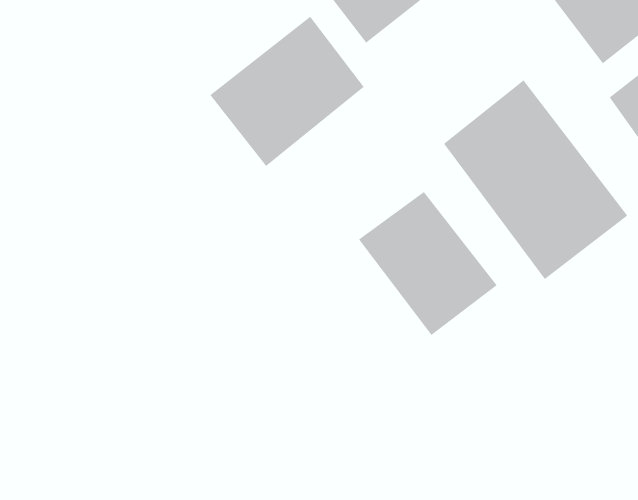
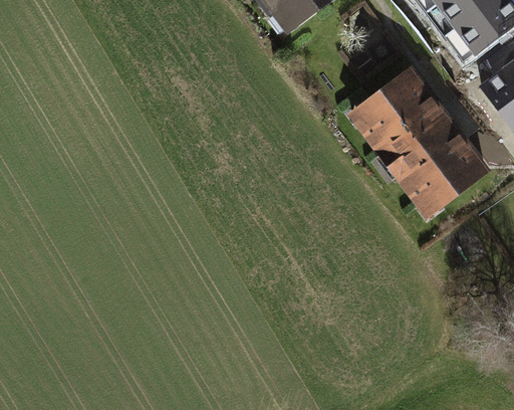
building: [209,16,364,167] -> none
building: [358,191,497,336] -> none

